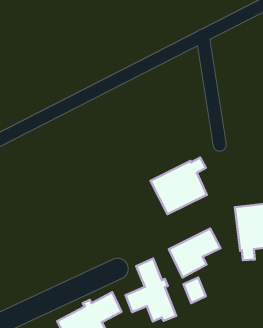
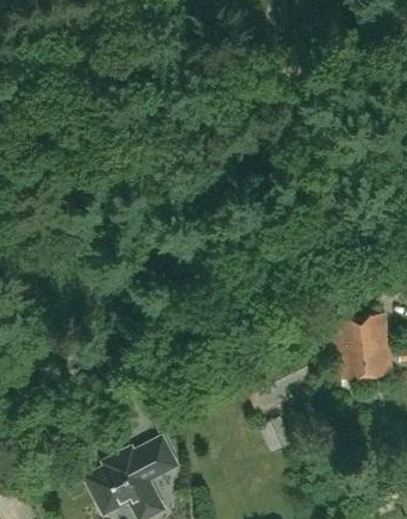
building: [151,158,207,214] -> none
building: [125,259,176,321] -> none

